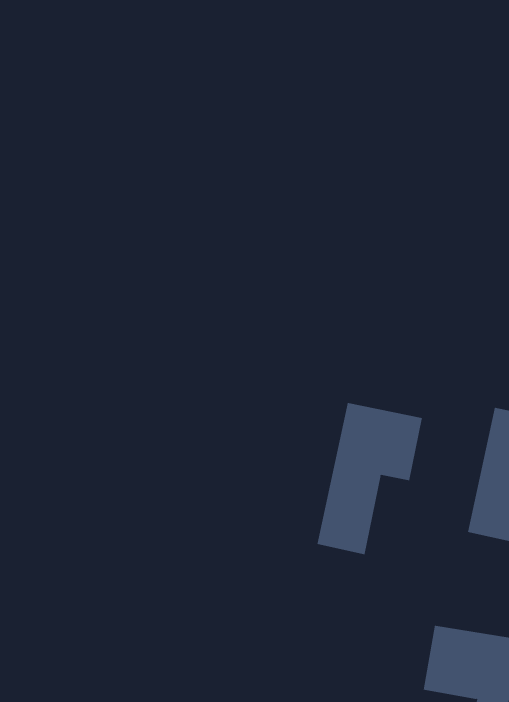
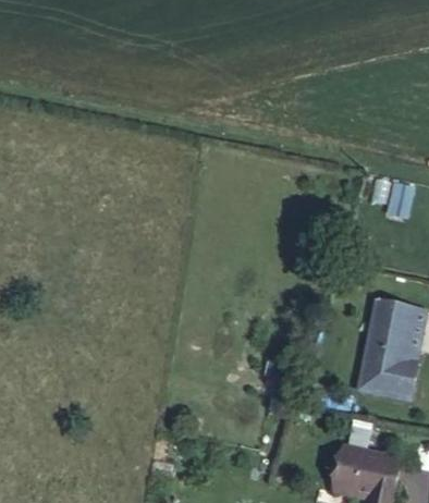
building: [317,402,422,555] -> none

